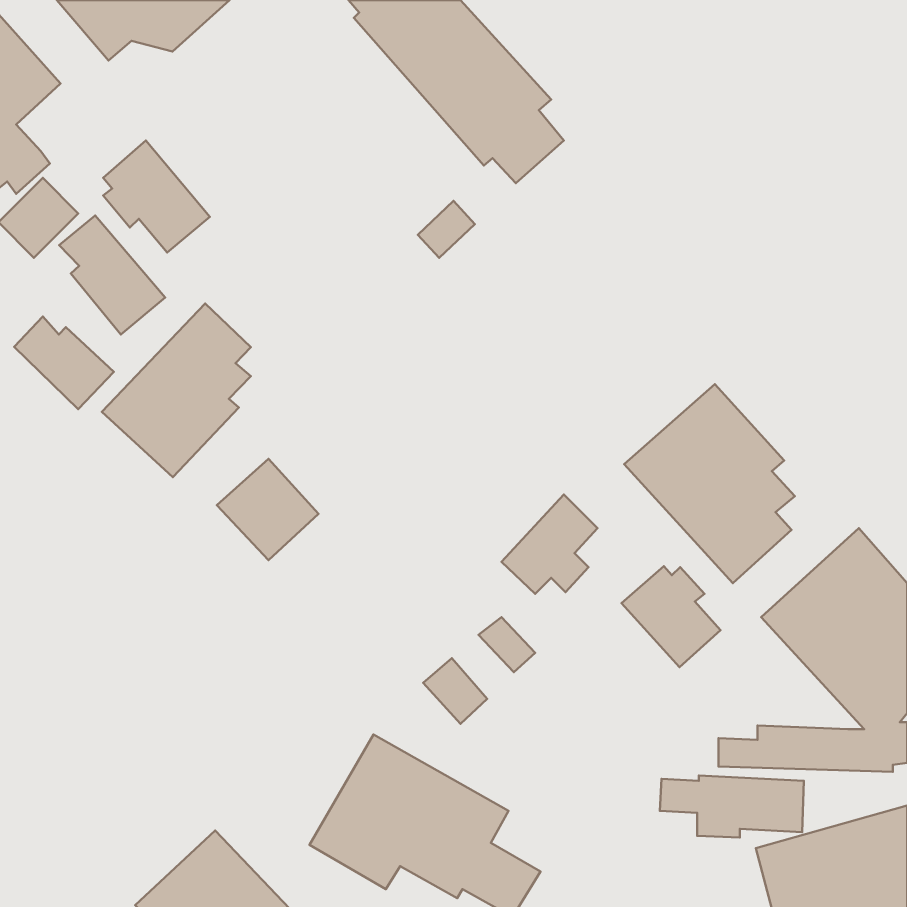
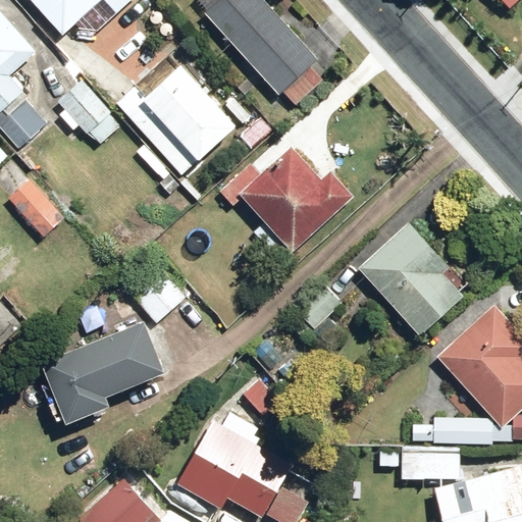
building: none -> [116,62,250,175]
building: [59,215,165,335] -> none
building: none -> [240,146,352,250]
building: [102,304,251,477] -> none
building: none -> [42,321,164,422]
building: [621,566,720,667] -> none

